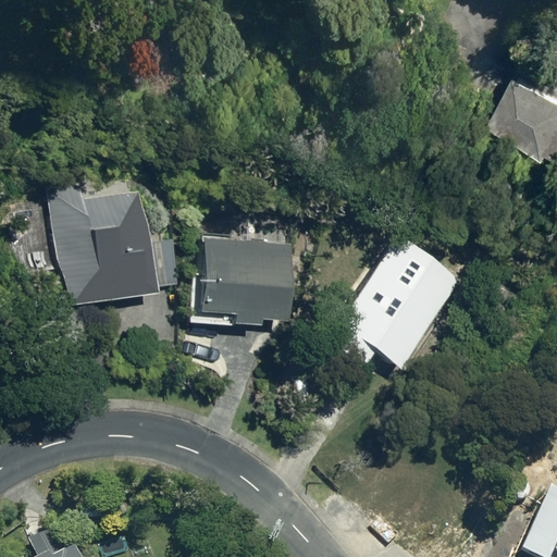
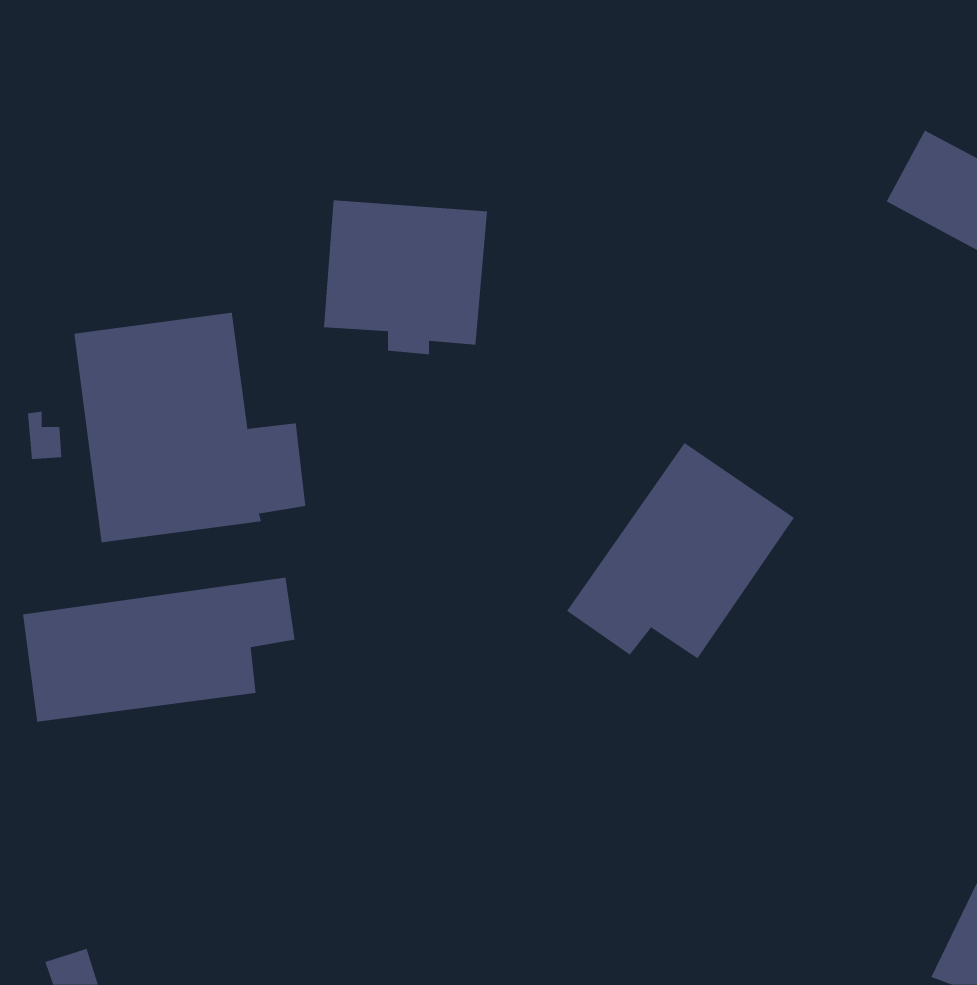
building: [195,238,287,325] -> [323,200,488,355]
building: none -> [22,577,295,722]

